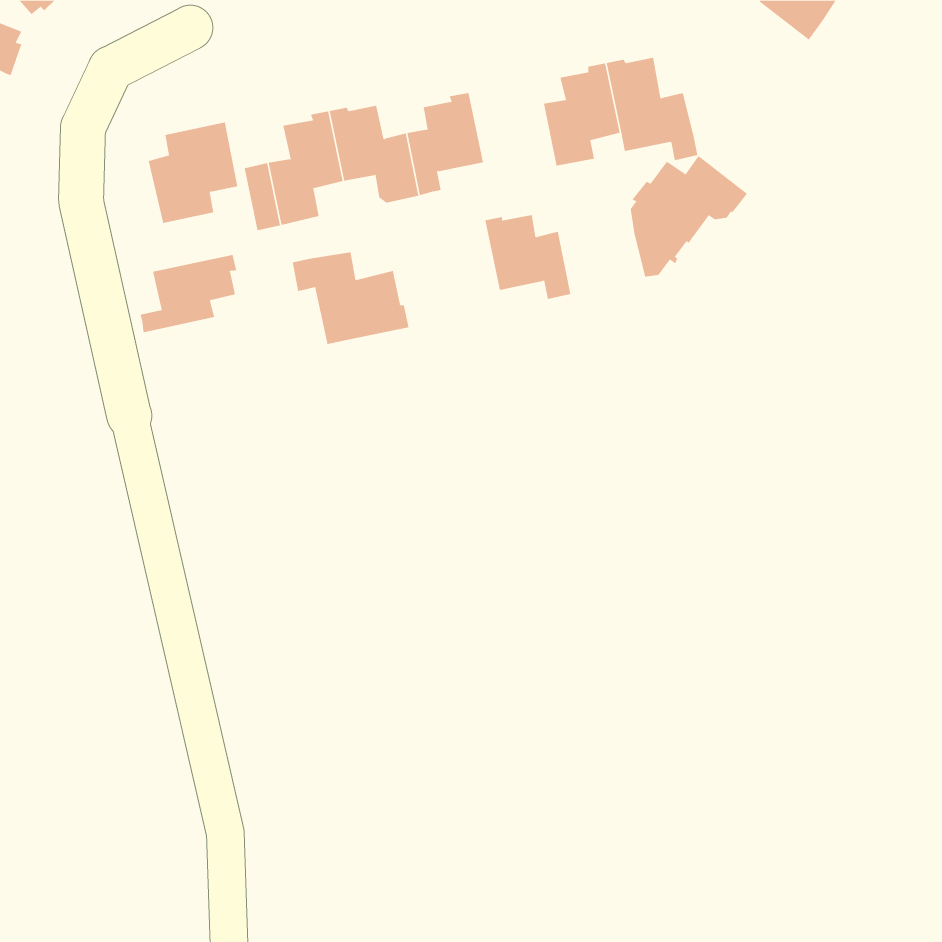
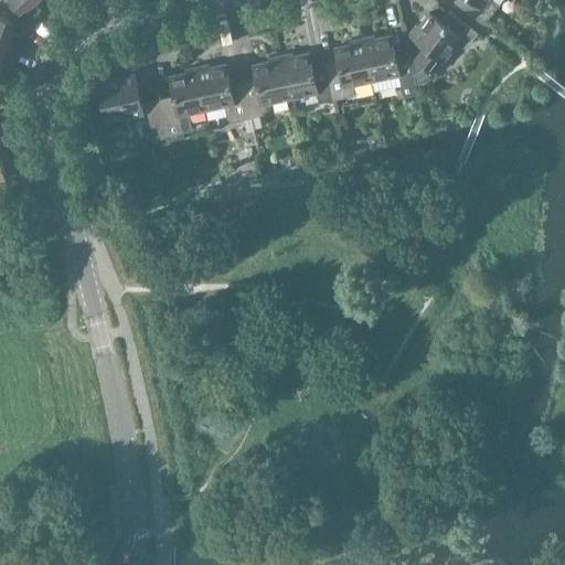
building: [630,155,748,277] -> [406,10,477,83]
building: [484,215,571,300] -> [280,53,332,104]
building: [292,252,409,345] -> none
building: [140,254,237,333] -> none

